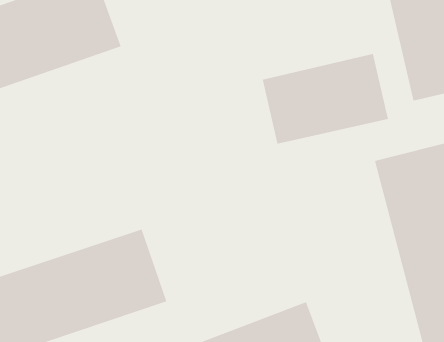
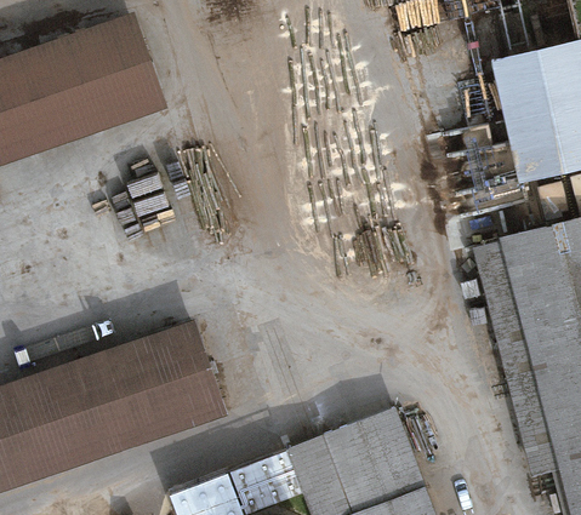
building: [262,53,389,144] -> none

